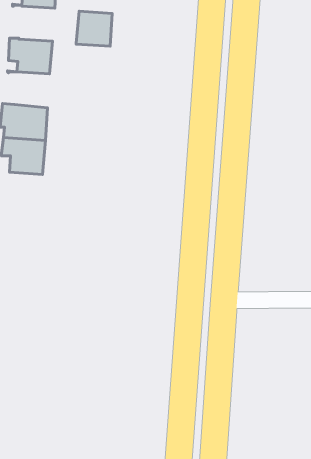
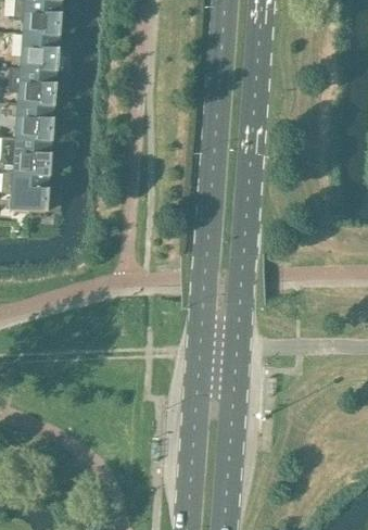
building: [76,11,112,46] -> [22,34,60,71]
building: none -> [17,103,54,141]

